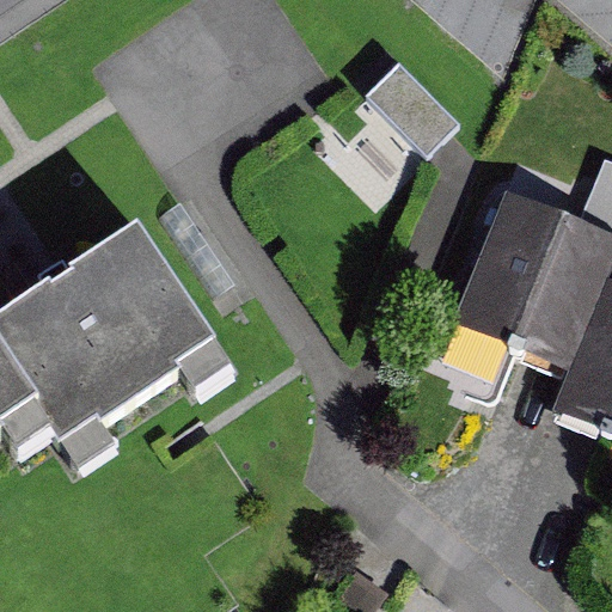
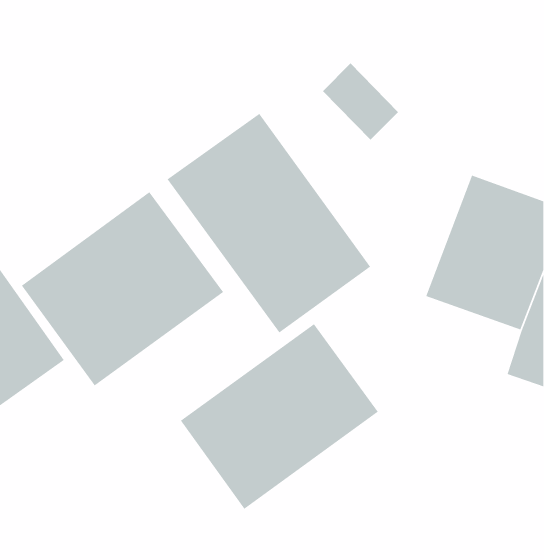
building: none -> [167,113,371,334]
building: none -> [180,323,379,510]

